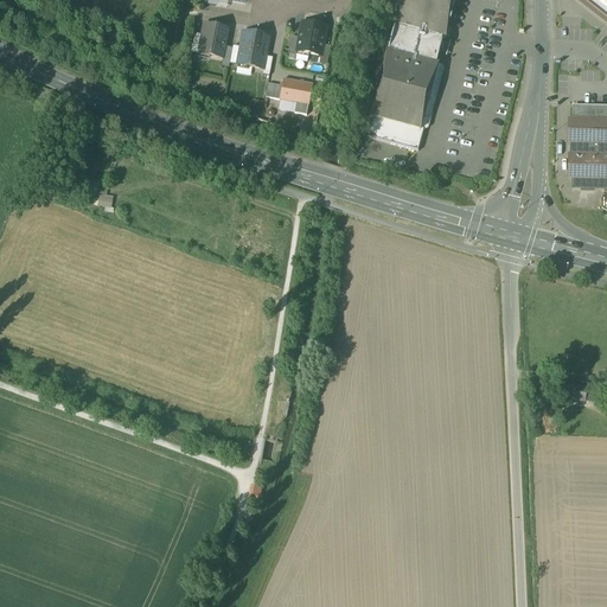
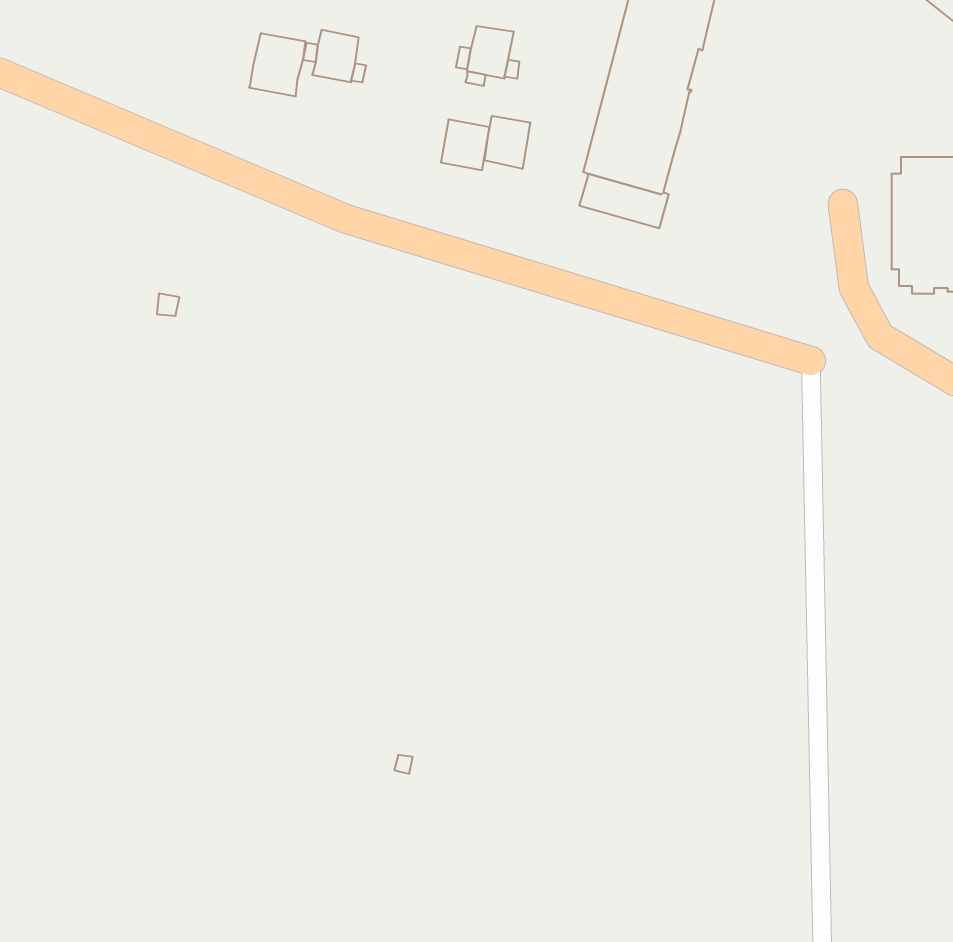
building: none -> [249,33,305,97]
building: [239,28,270,65] -> none
building: none -> [485,116,530,169]

